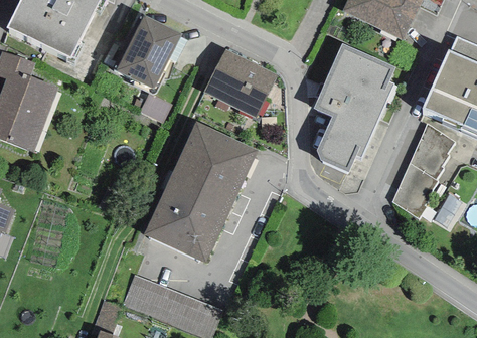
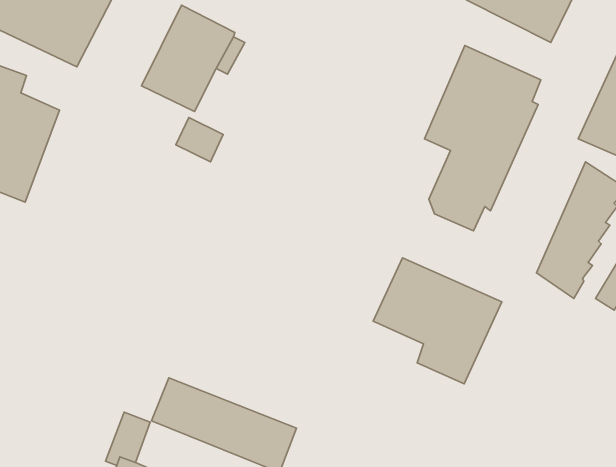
building: [202,49,276,118] -> none
building: [143,121,257,263] -> none
building: none -> [373,258,502,384]

